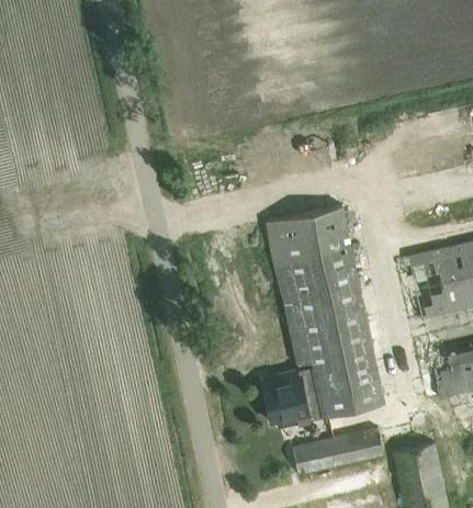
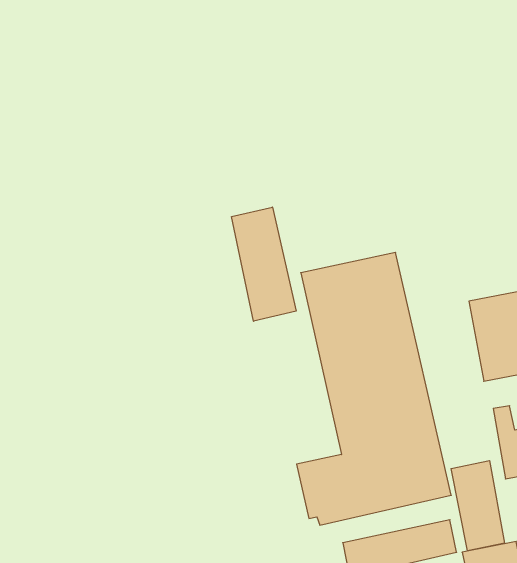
building: none -> [232,207,296,321]
building: none -> [451,461,504,551]

